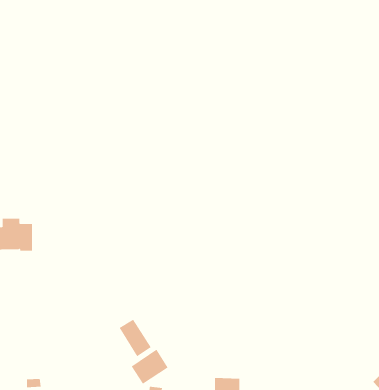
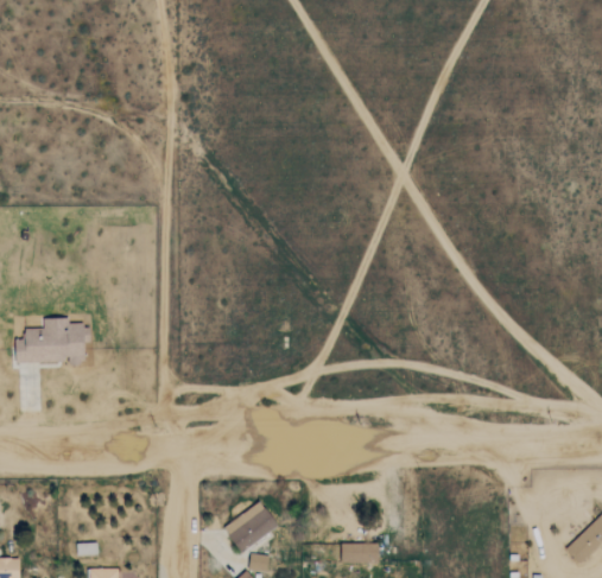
building: [119,319,152,357] -> none

